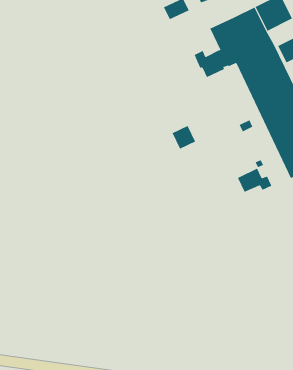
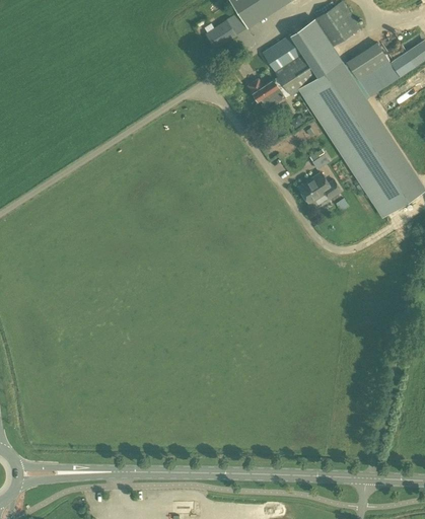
building: [172,125,196,150] -> none
building: [237,168,272,193] -> [298,172,341,204]

